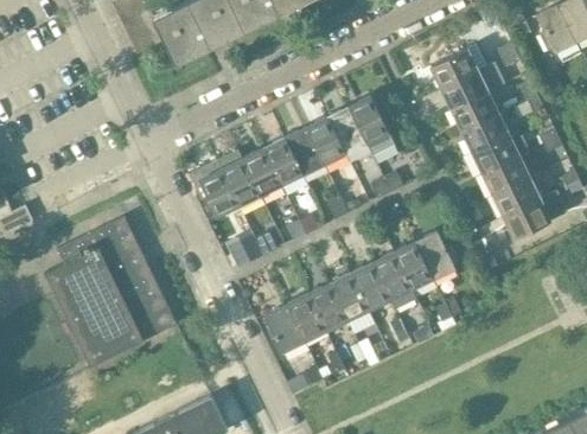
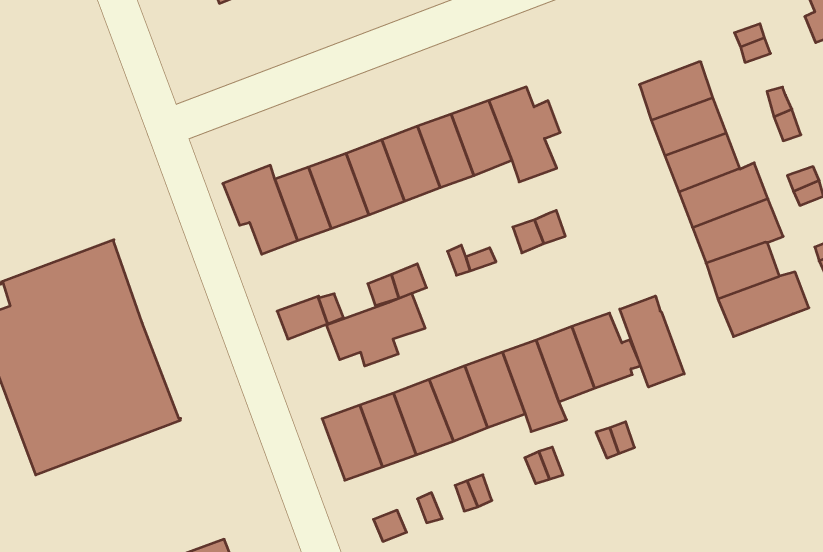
building: [430,46,486,90] -> none
building: none -> [620,296,684,387]
building: none -> [326,293,425,366]

